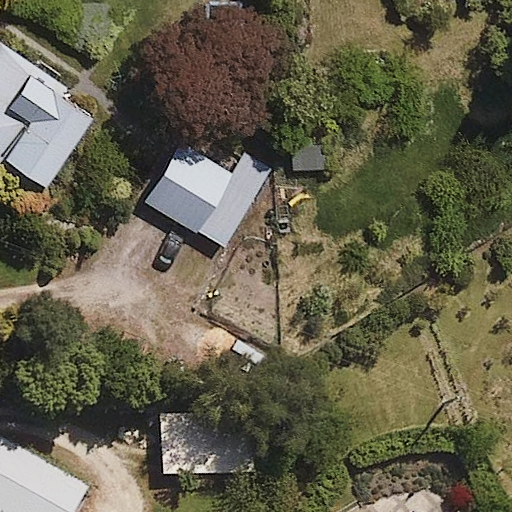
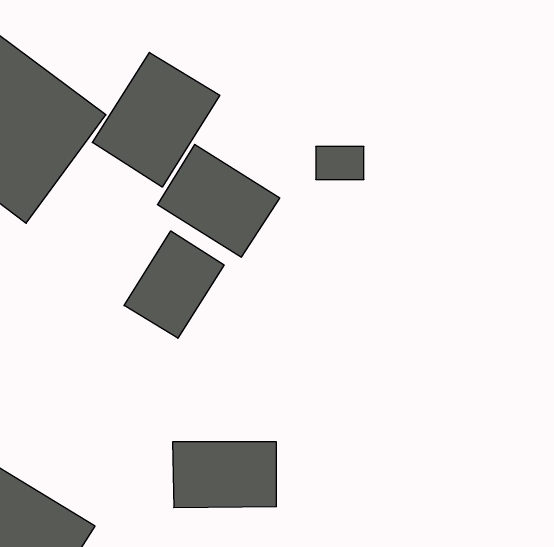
building: none -> [92,52,220,187]
building: none -> [124,231,224,338]

